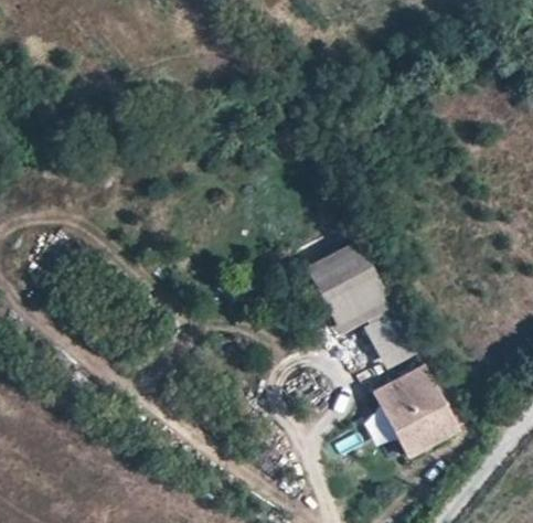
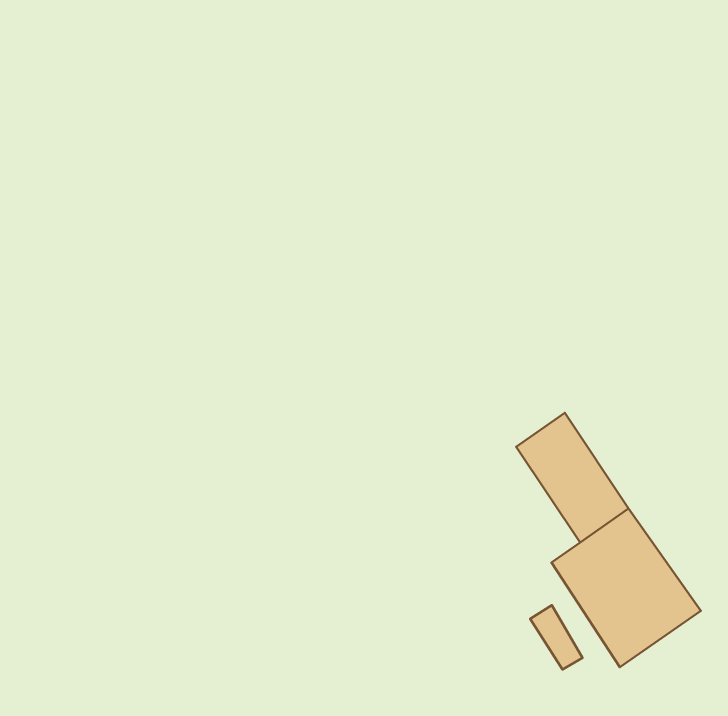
building: [307,243,391,334] -> none

